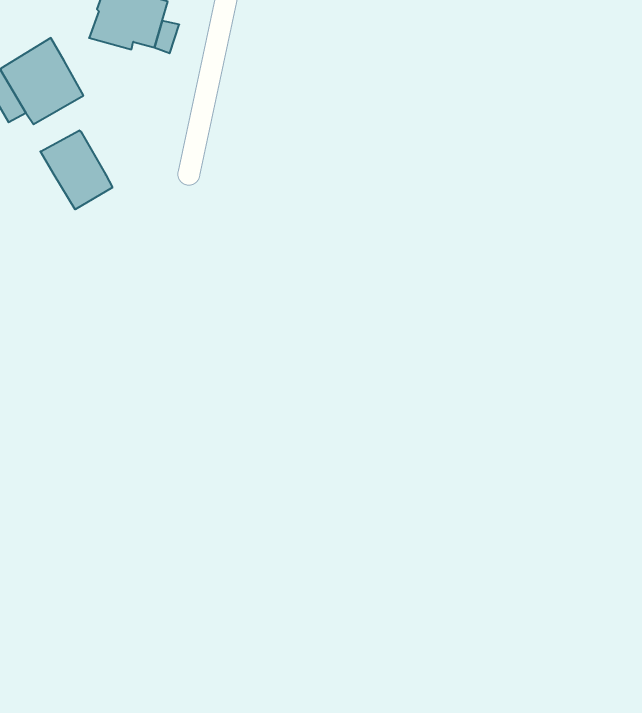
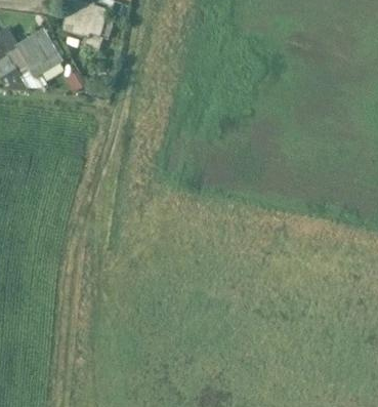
building: [40,130,112,209] -> none

